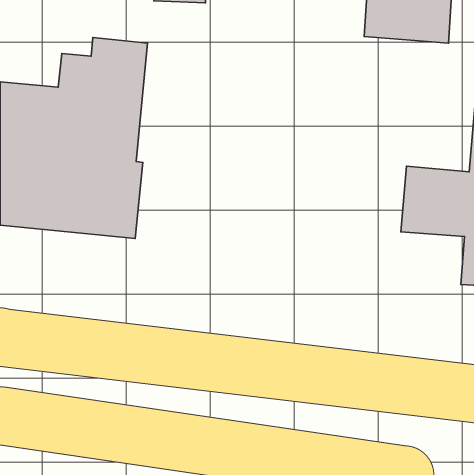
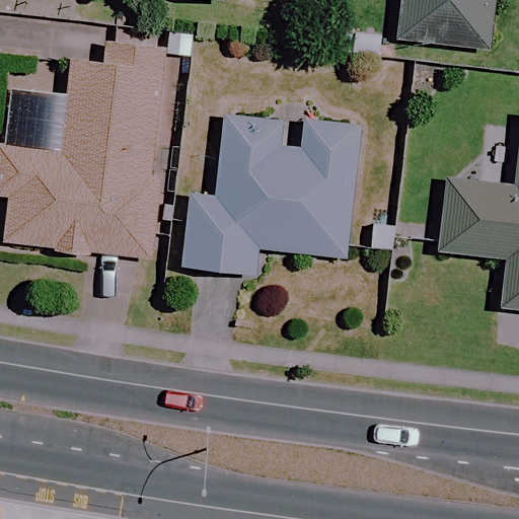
building: none -> [181,115,360,274]

